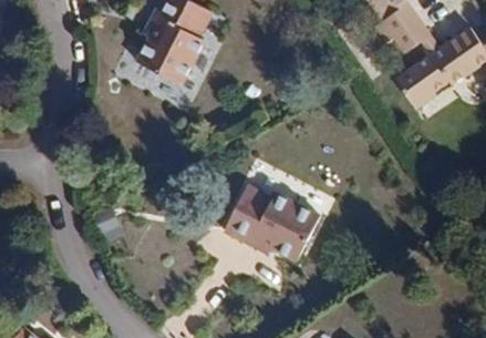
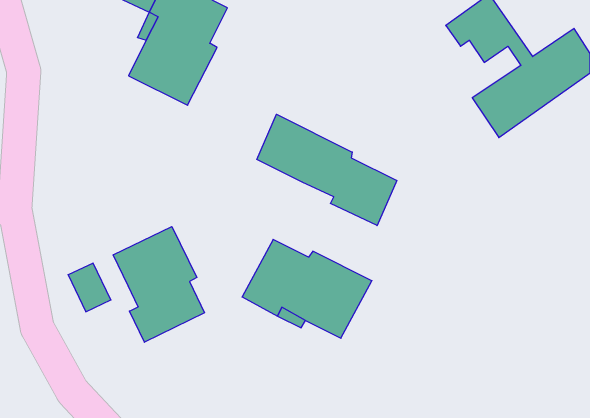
building: none -> [257,114,397,226]
building: none -> [113,227,205,342]

